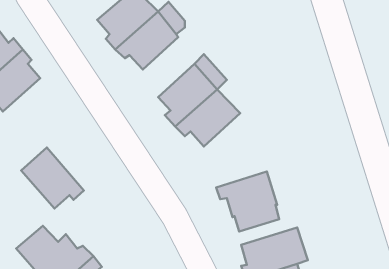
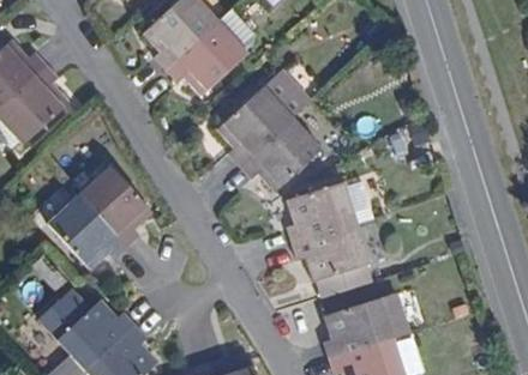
building: none -> [77,165,150,247]
building: none -> [284,183,373,243]

